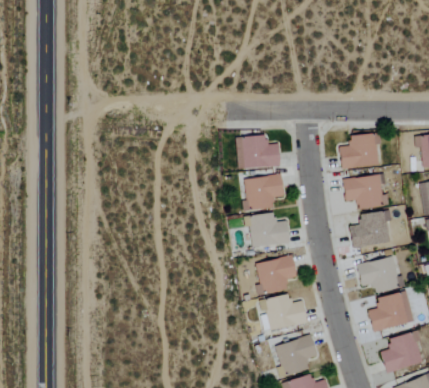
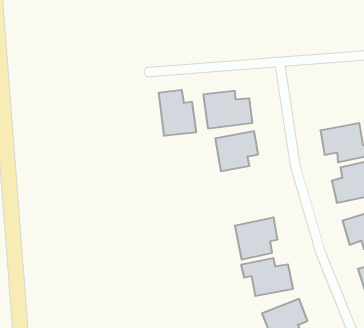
building: none -> [159,90,196,136]
building: [339,134,378,169] -> none
building: [244,214,289,247] -> none

